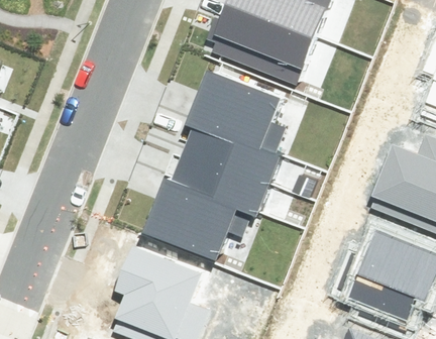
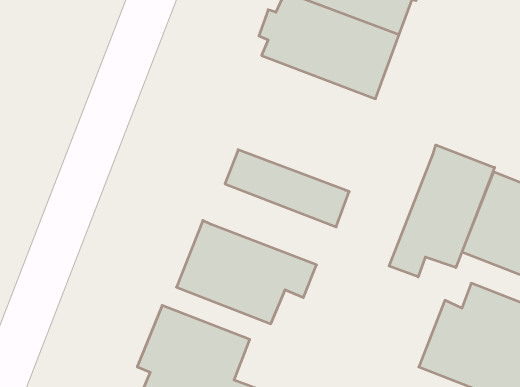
building: [187,69,286,155] -> none
building: none -> [389,145,495,277]
building: [171,150,267,215] -> none

